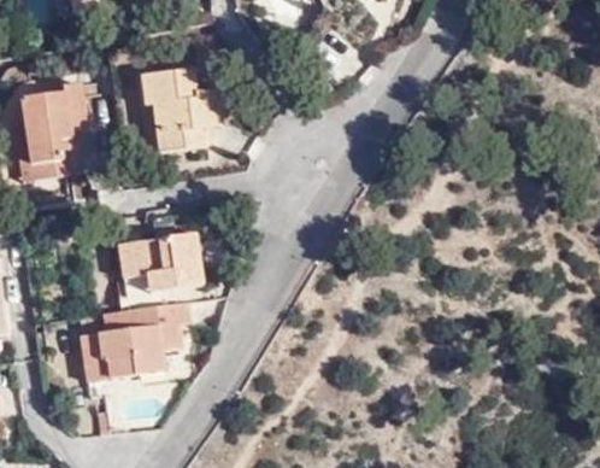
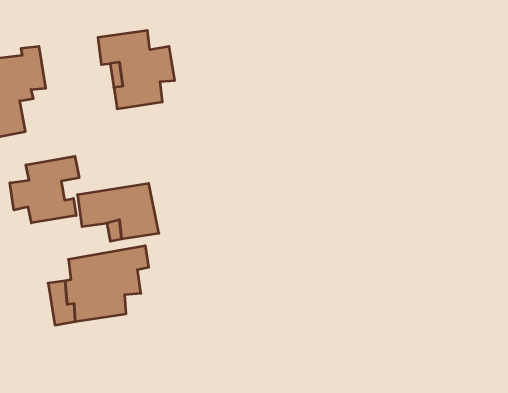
building: none -> [10,156,79,223]

